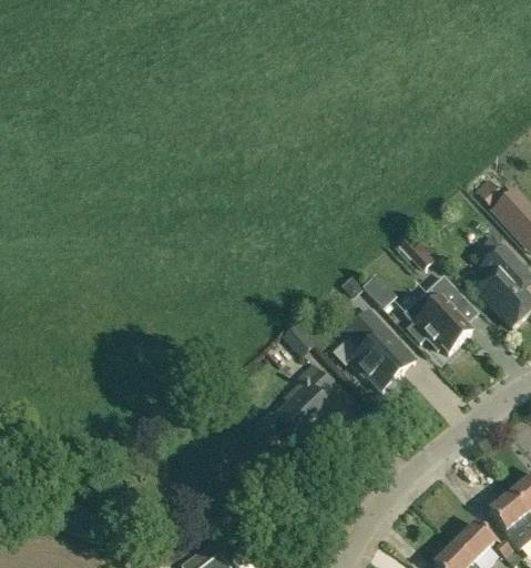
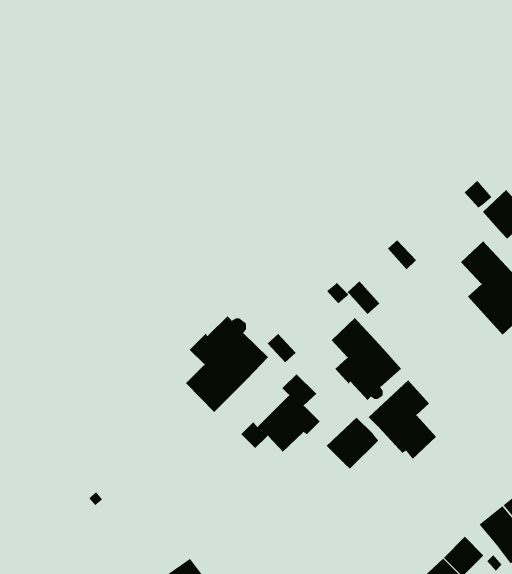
building: [405,275,471,353] -> [368,380,437,460]
building: none -> [185,315,269,413]
building: none -> [326,417,379,470]

